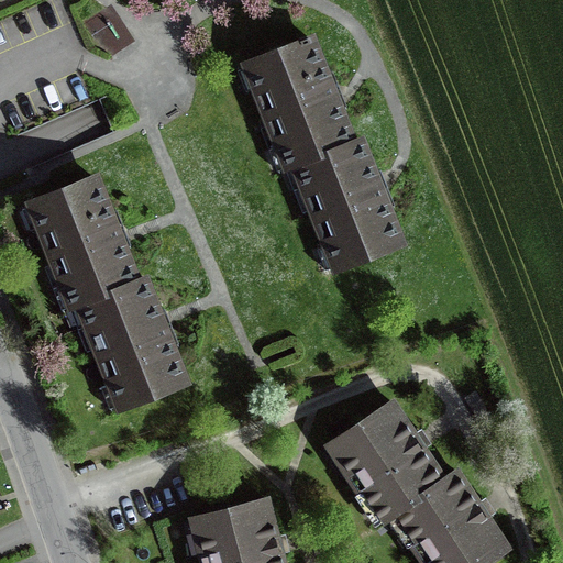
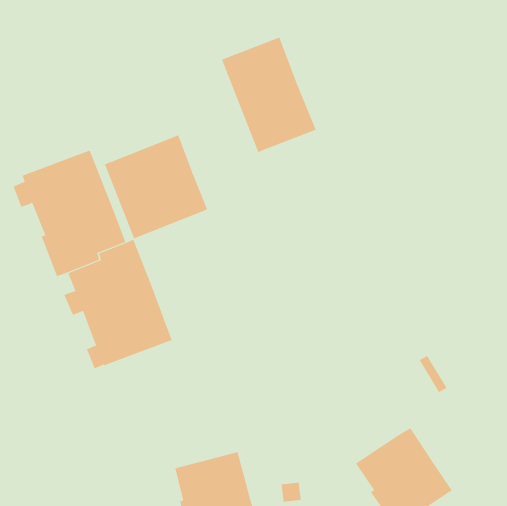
building: [294,142,398,269] -> none
building: none -> [104,135,208,239]
building: [329,405,442,522] -> none

